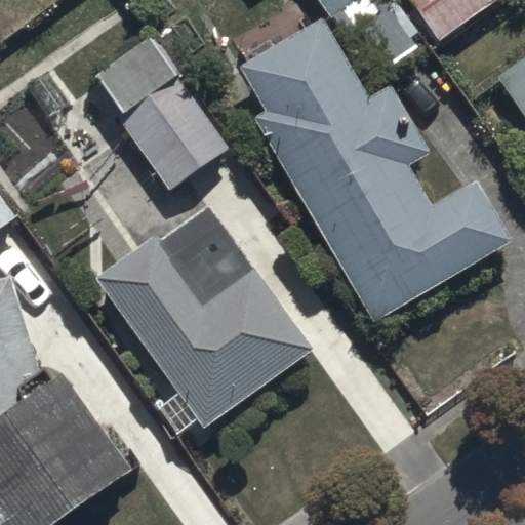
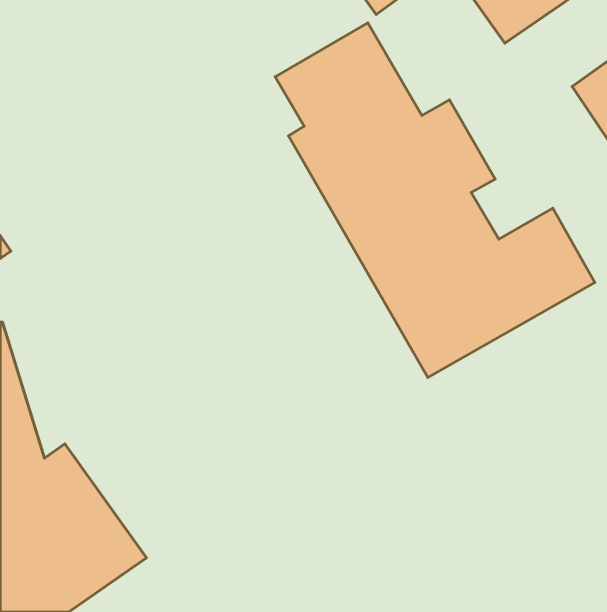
building: [91,36,227,187] -> none
building: [99,238,313,425] -> none

